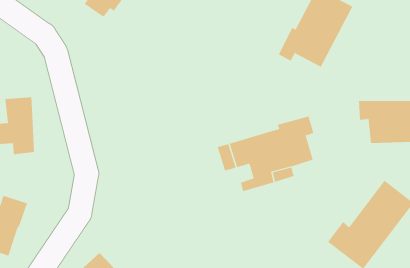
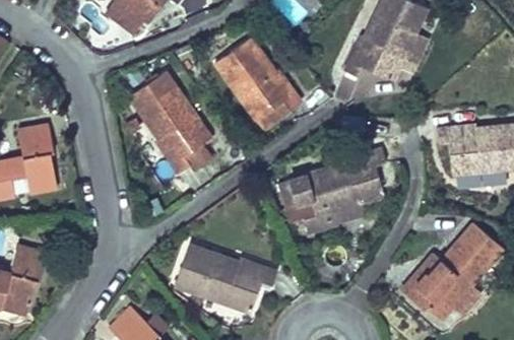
building: none -> [213,35,299,120]
building: none -> [133,71,216,172]
building: none -> [172,242,272,314]

